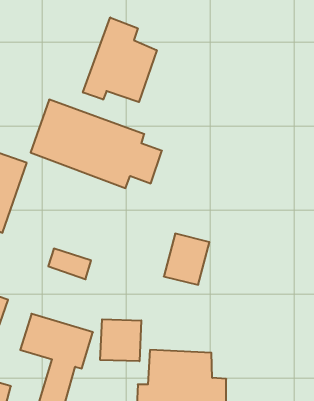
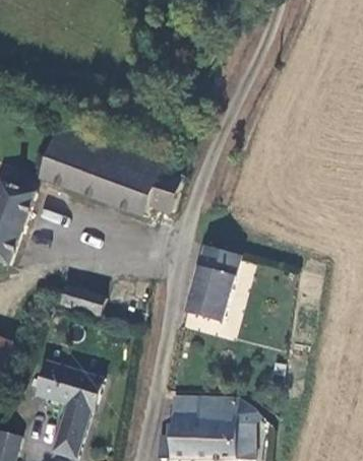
building: [83,17,157,102] -> none
building: none -> [197,247,240,277]
building: [100,319,141,361] -> none

